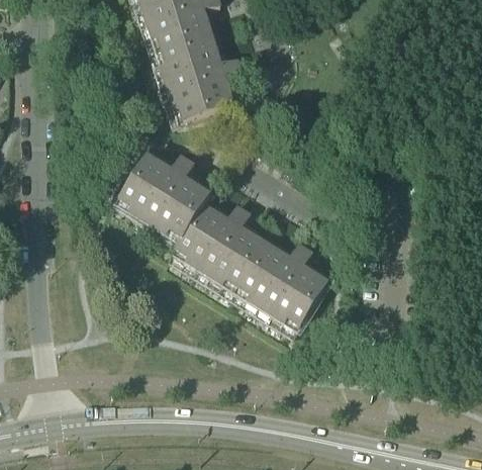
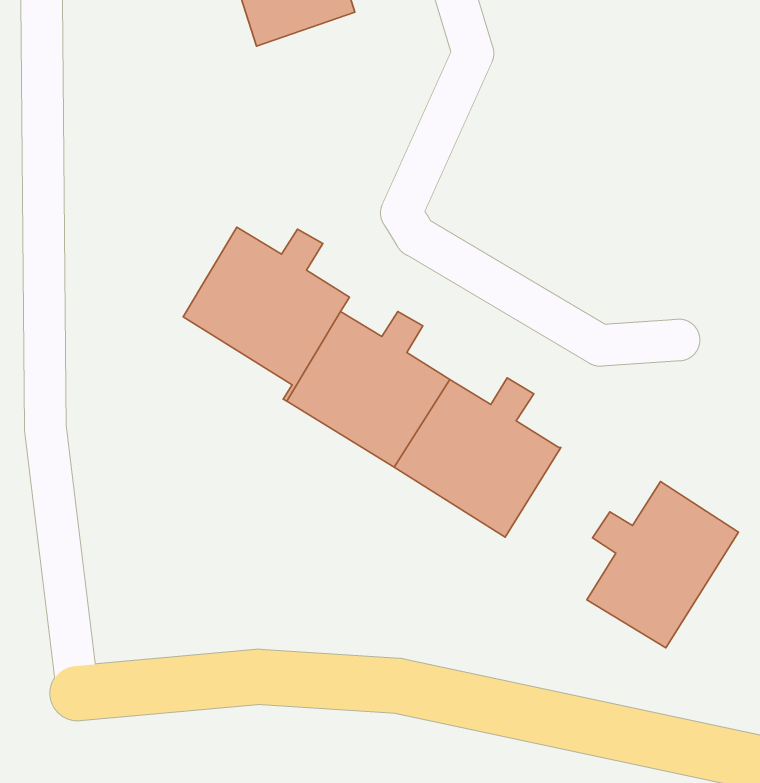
building: [156,33,242,122] -> none
building: none -> [587,482,738,648]

